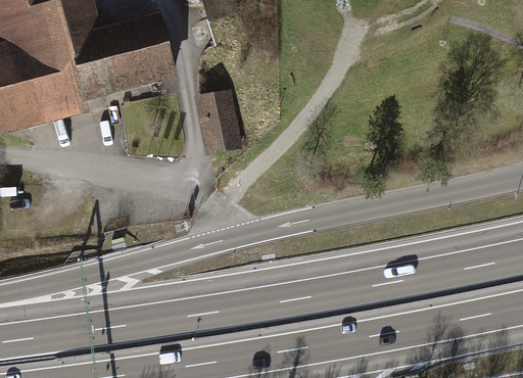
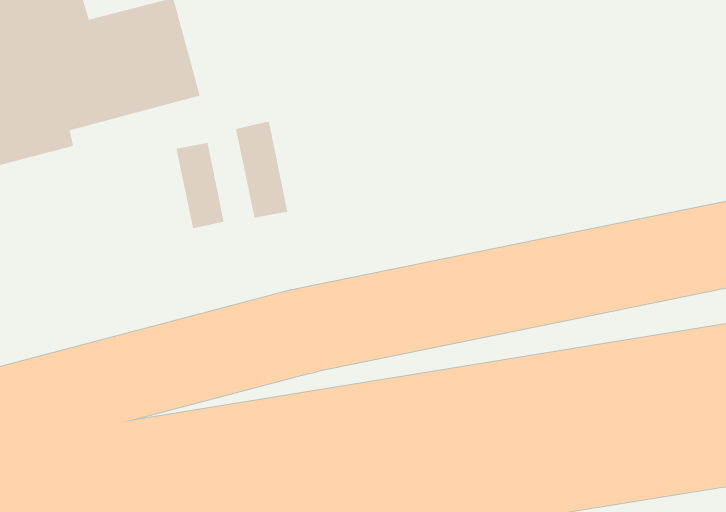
building: none -> [176,142,224,229]

